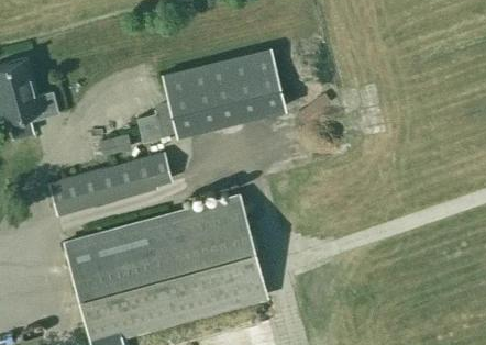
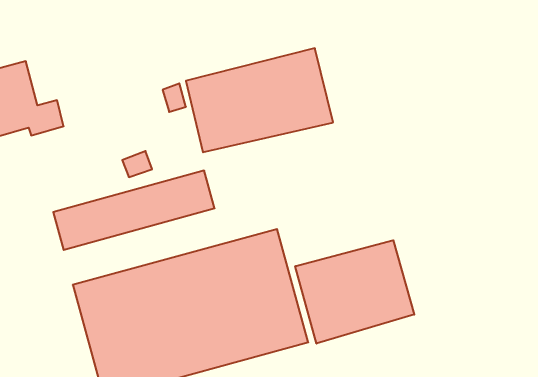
building: [135,113,168,144] -> none
building: none -> [295,240,414,344]

